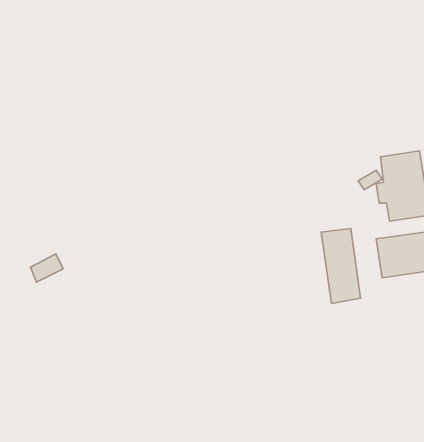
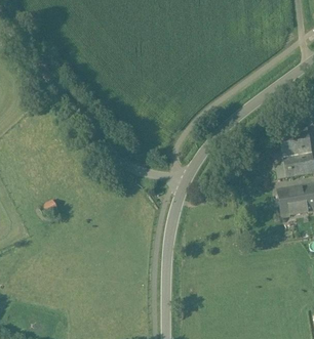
building: [321,228,360,303] -> none

